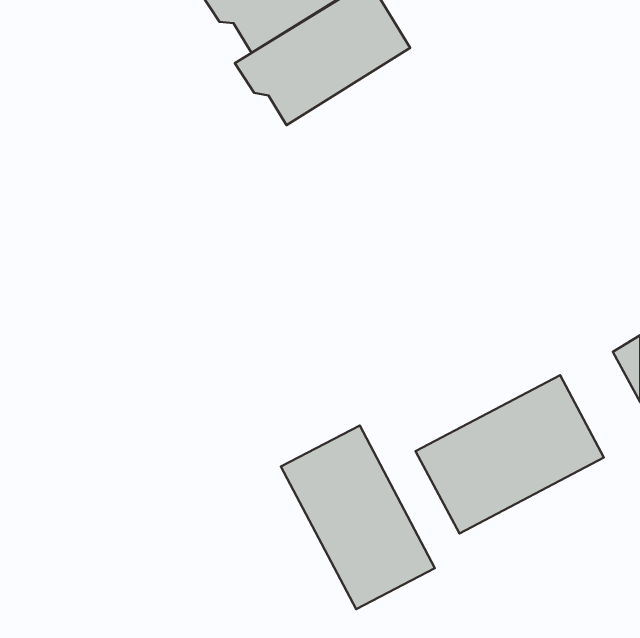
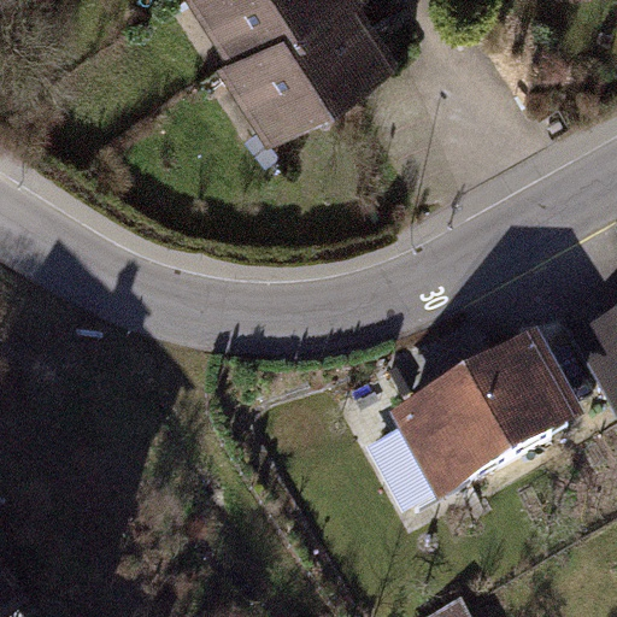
building: [281,426,435,609] -> none

